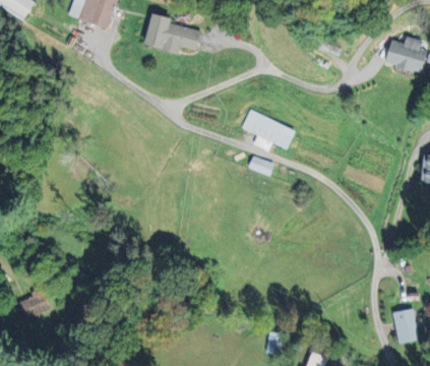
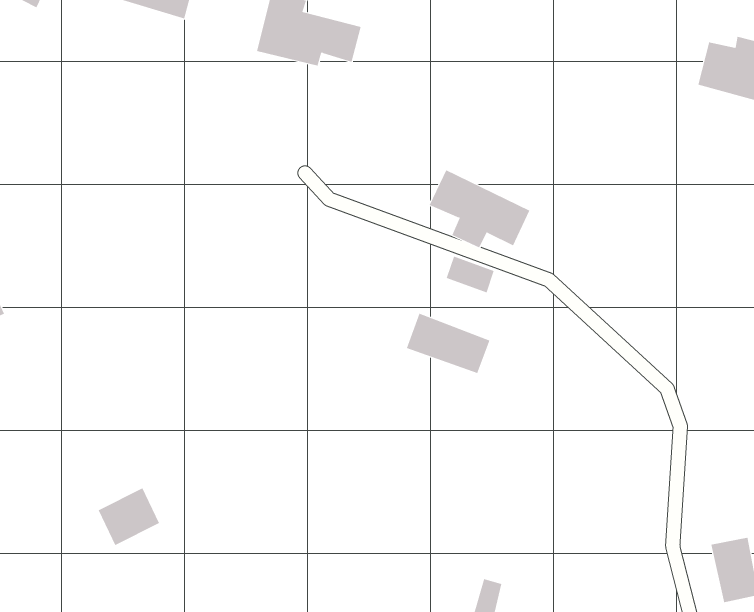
building: none -> [406,313,490,374]
building: [17,289,51,320] -> [98,488,160,546]

